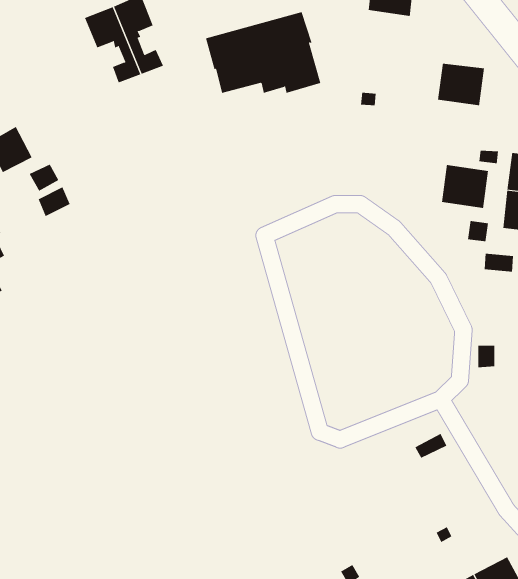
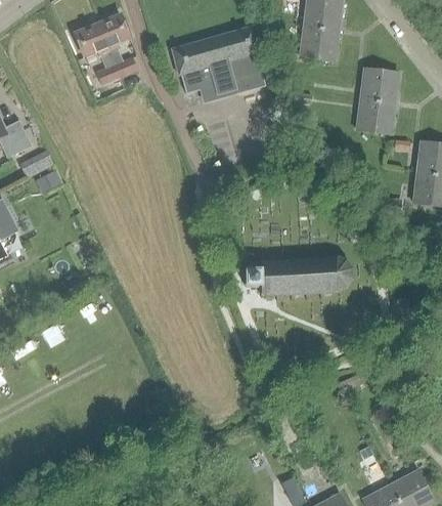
building: none -> [300,26,339,60]
building: [441,164,489,209] -> [356,98,395,134]
building: none -> [245,257,352,300]

